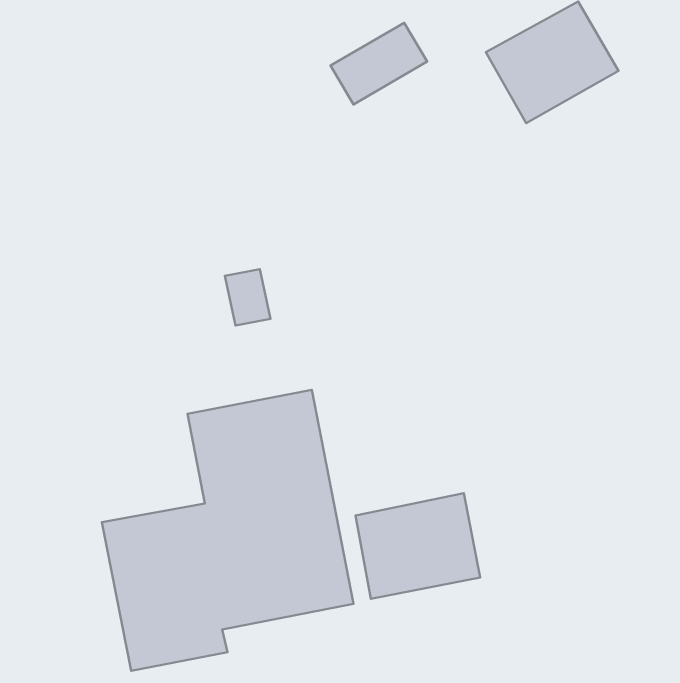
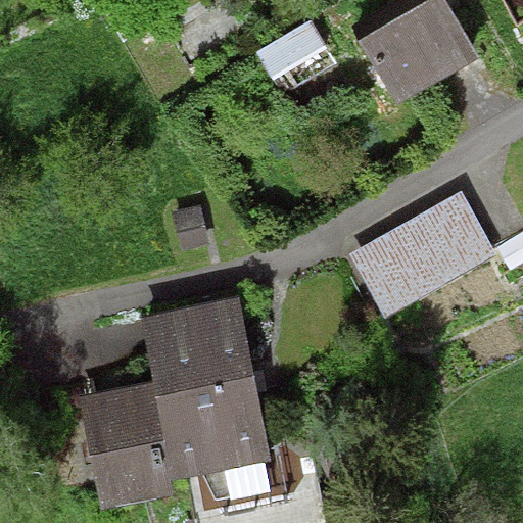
building: none -> [347,192,493,314]
building: [355,493,480,599] -> none

